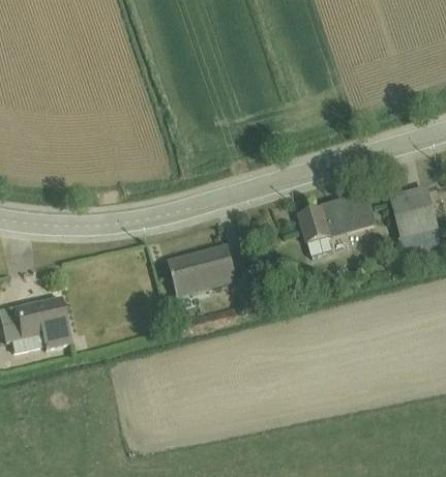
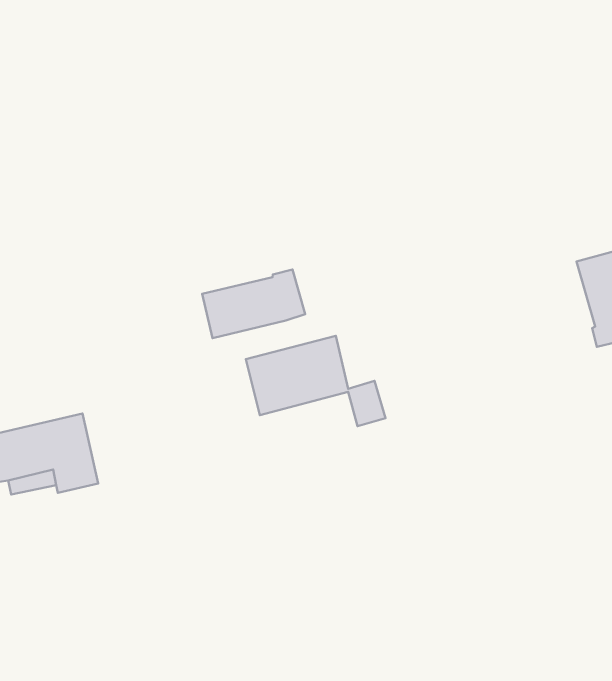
building: [298,193,376,257] -> none
building: none -> [202,269,305,338]

